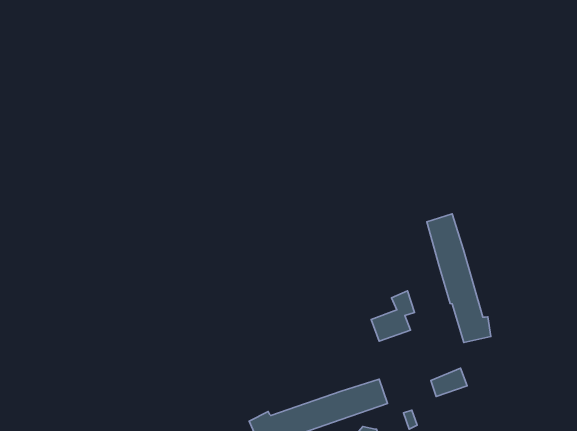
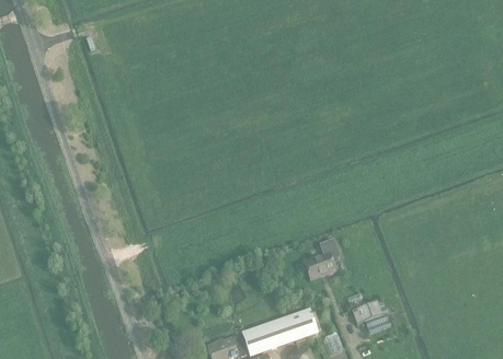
building: [427,214,491,342] -> none

